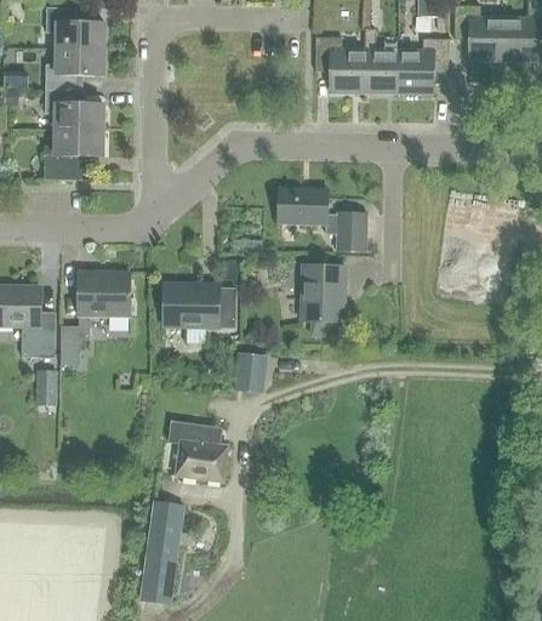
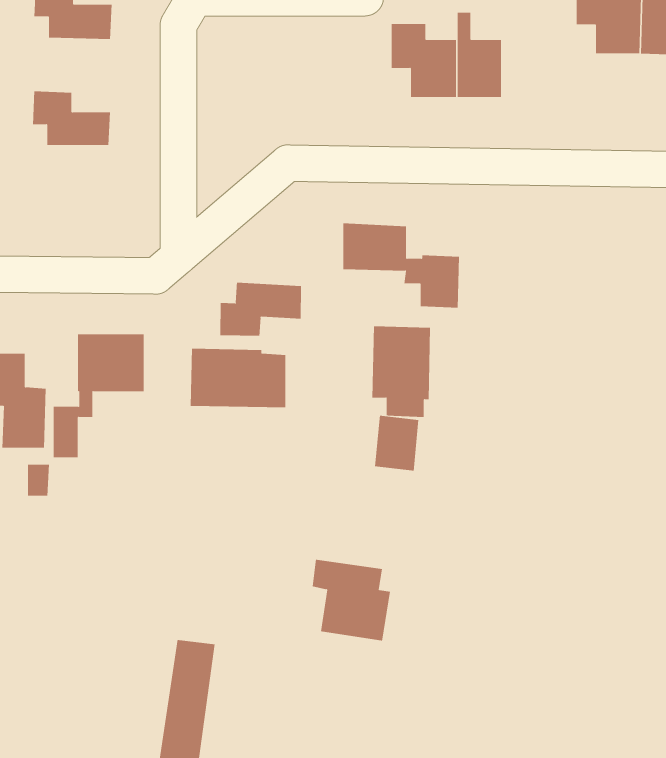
building: [398,38,447,92] -> none
building: [45,47,103,89] -> none
building: [44,129,102,178] -> none
building: none -> [220,282,301,337]
building: [233,351,267,393] -> [374,415,419,471]
building: [167,420,227,482] -> [312,559,391,641]

